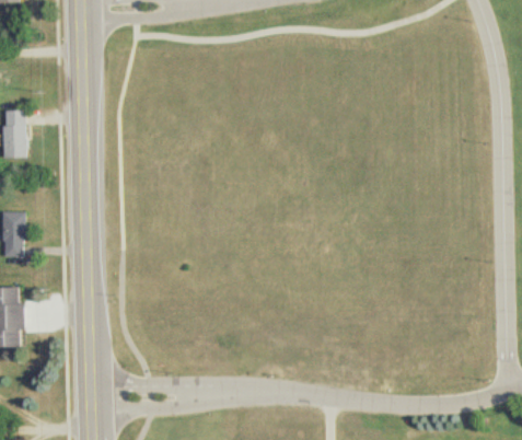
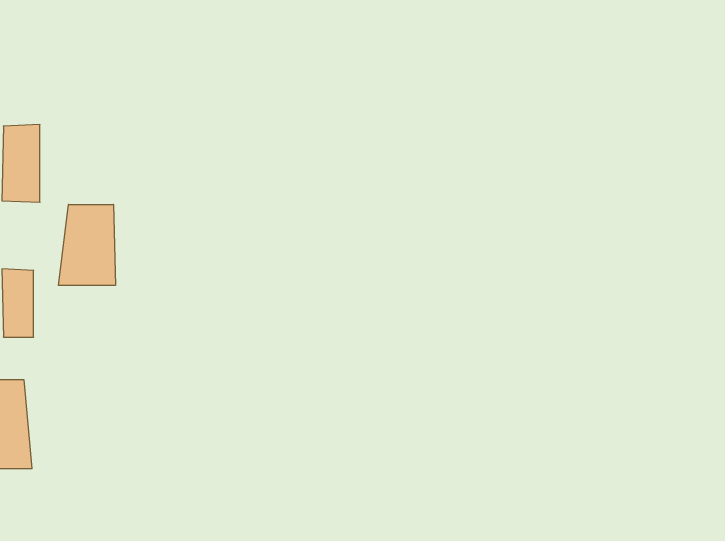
building: none -> [58,204,115,285]

